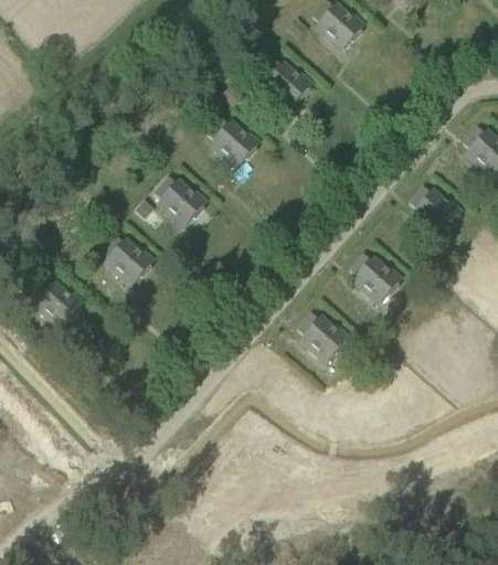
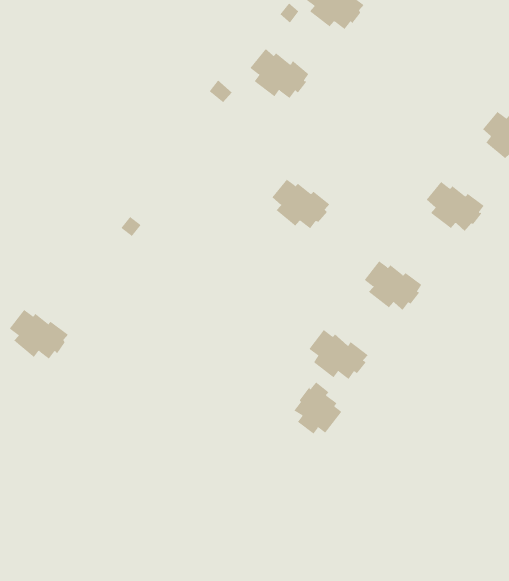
building: [208,118,259,164] -> [271,179,330,229]
building: [155,177,208,223] -> none
building: [103,236,155,281] -> none
building: none -> [294,382,342,435]

